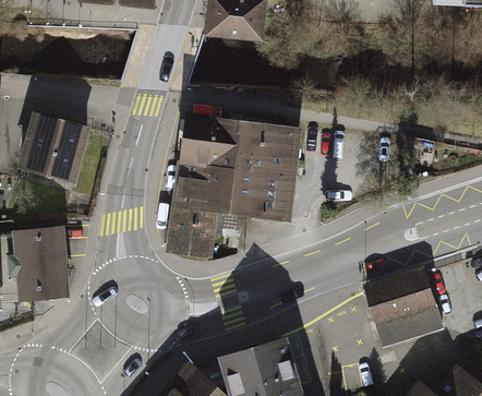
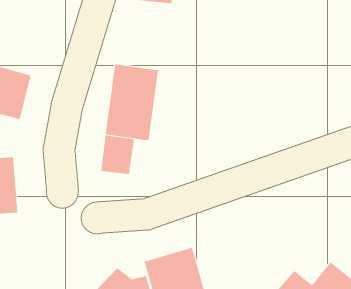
building: [230,122,294,215] -> none
building: [363,269,443,344] -> none

